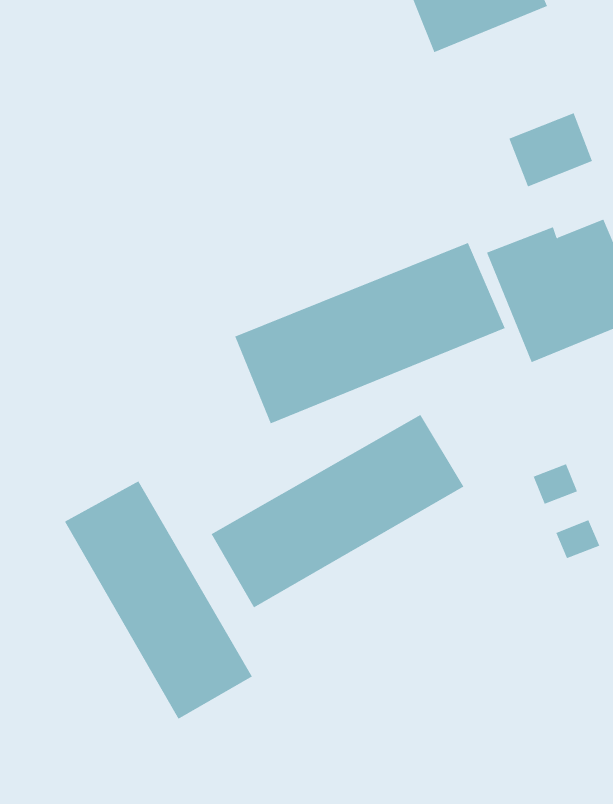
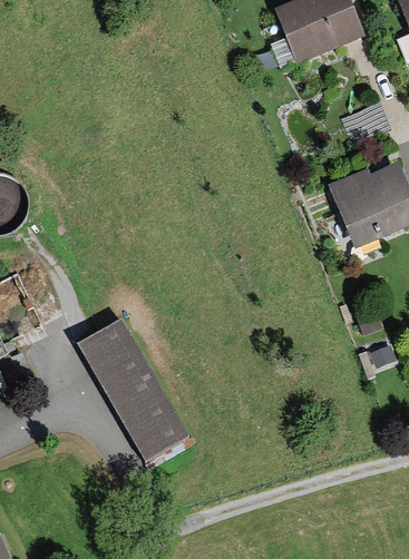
building: [235,242,505,424] -> none
building: [211,414,464,608] -> none

